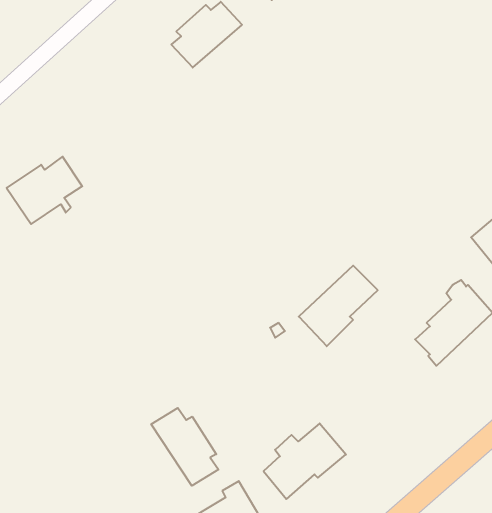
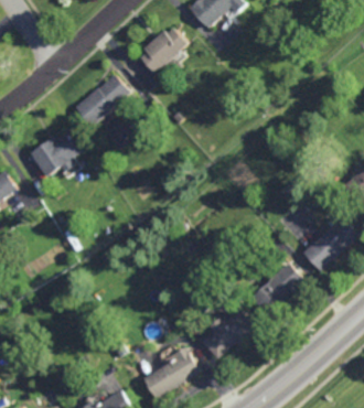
building: none -> [75,73,130,126]
building: [299,266,378,346] -> [251,264,304,318]
building: [151,408,218,486] -> none

